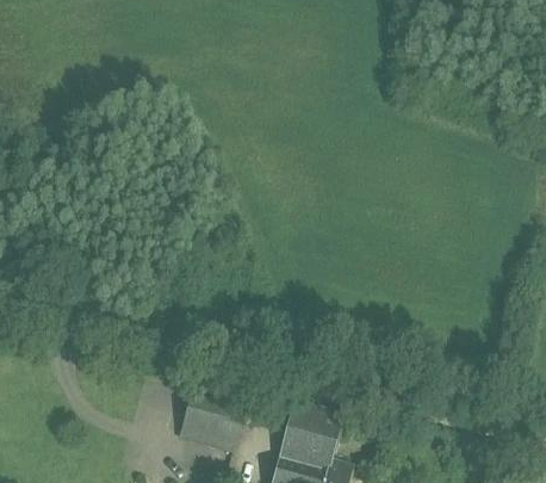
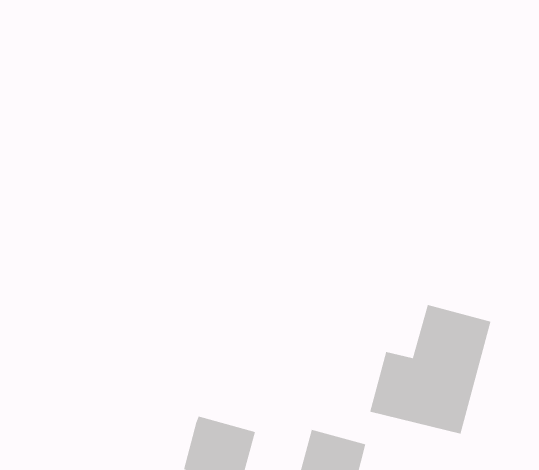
building: none -> [370,304,491,435]

